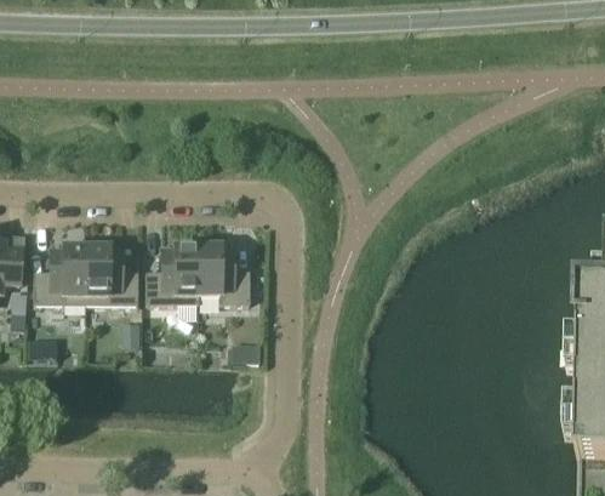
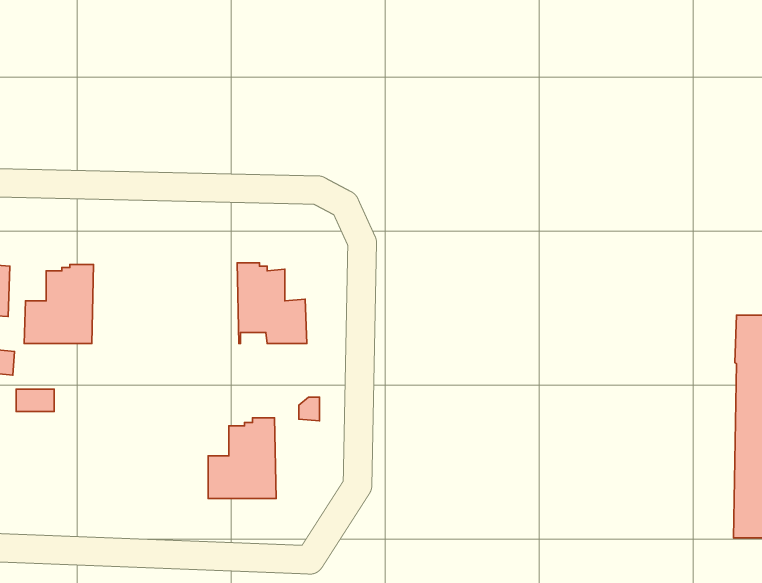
building: [147,241,199,303] -> [208,418,276,498]
building: [86,243,138,304] -> none

